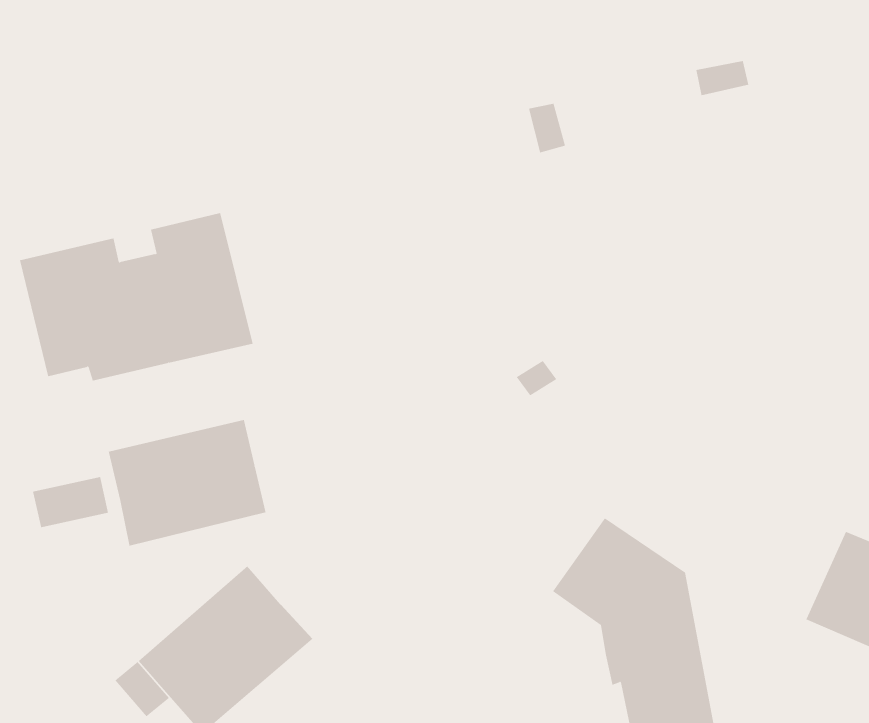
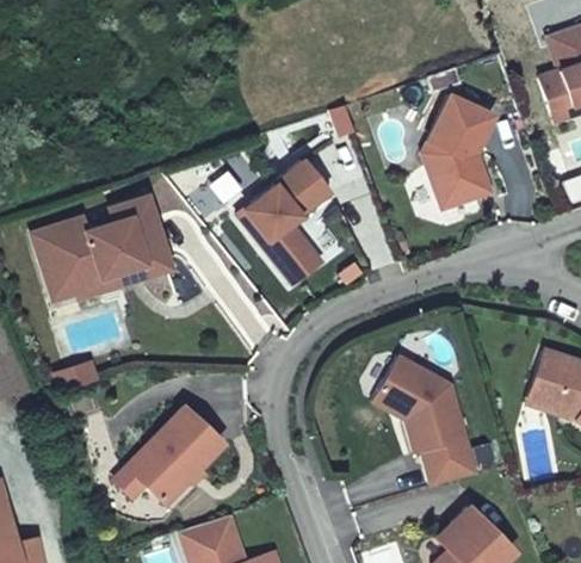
building: none -> [420,89,497,211]
building: none -> [234,157,334,286]
building: [108,419,266,546] -> none

